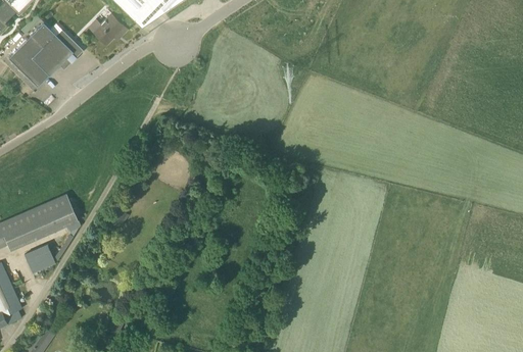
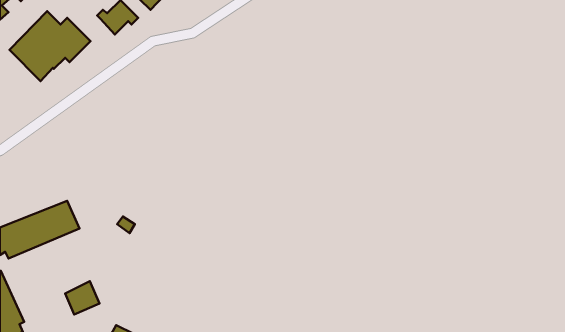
building: [25,242,56,272] -> [65,281,100,314]

